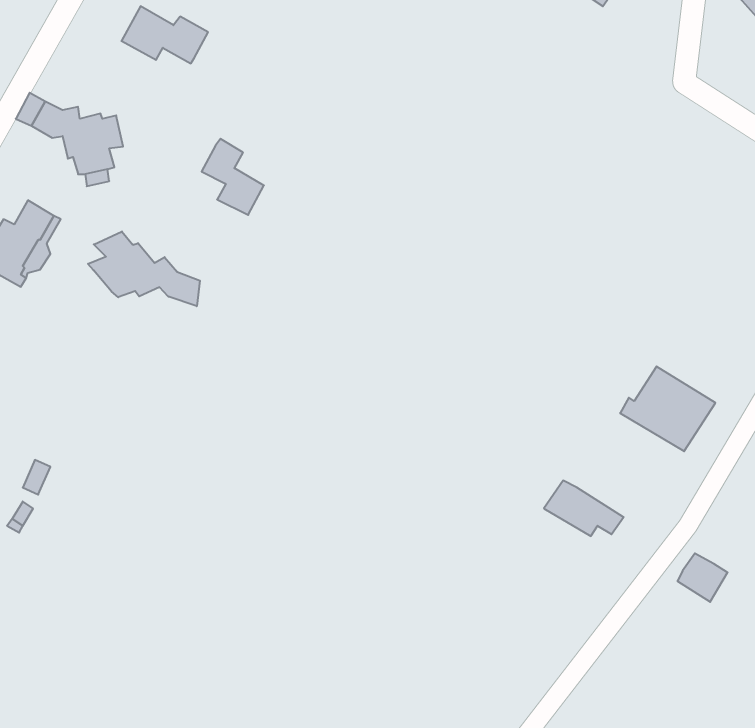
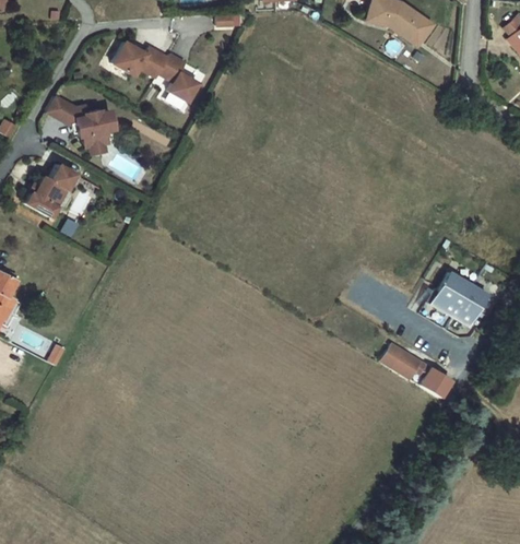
building: [202,139,264,215] -> [161,56,200,104]
building: [88,231,200,306] -> none
building: [677,553,728,602] -> [421,366,452,397]

